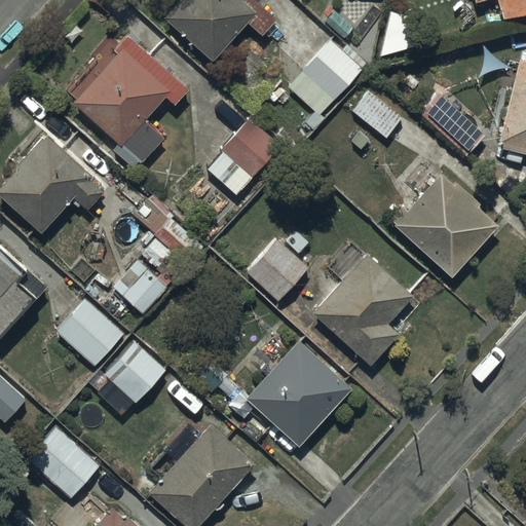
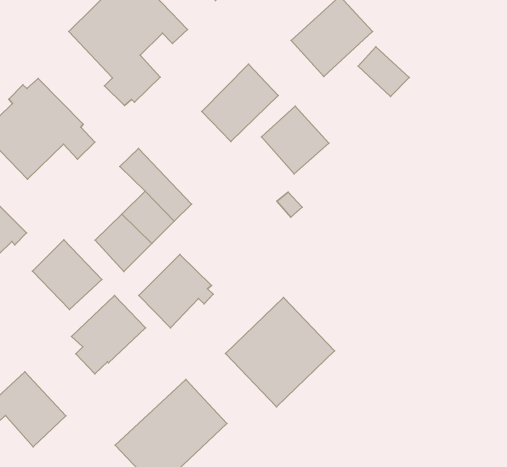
building: [419,91,484,154] -> none
building: [390,166,497,273] -> none
building: [246,243,310,308] -> [261,106,329,174]
building: [315,245,420,373] -> none
building: none -> [139,254,213,328]

